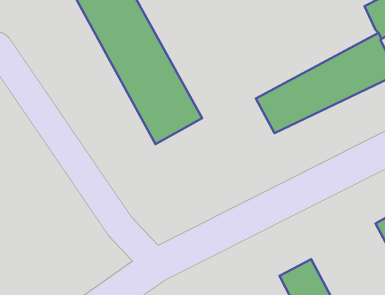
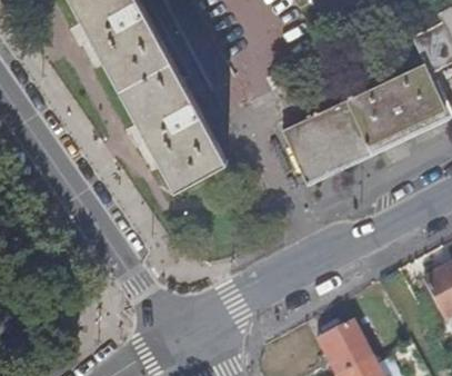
building: none -> [283,63,428,181]

